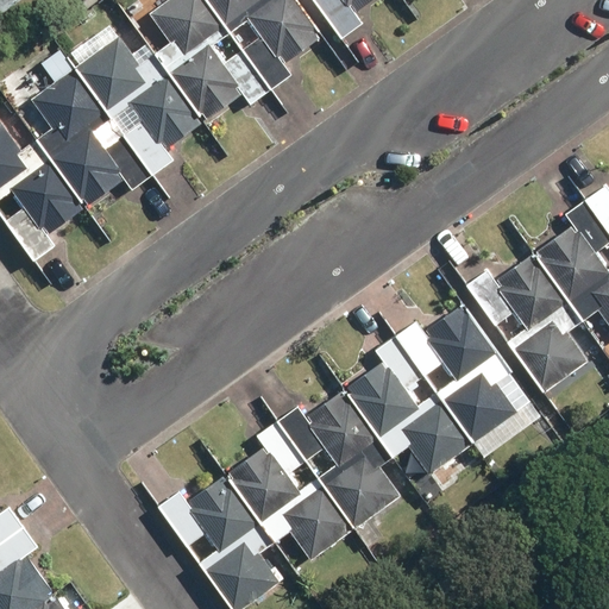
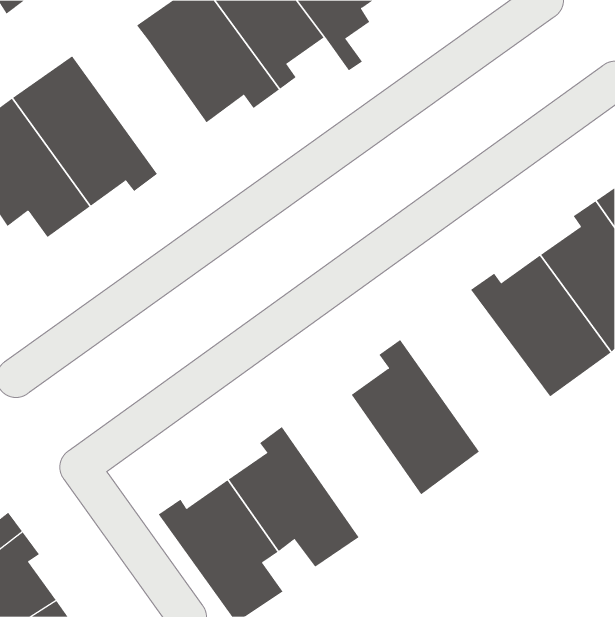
building: [71,24,203,171] -> none
building: [395,301,536,445] -> none
building: [278,389,415,529] -> none

